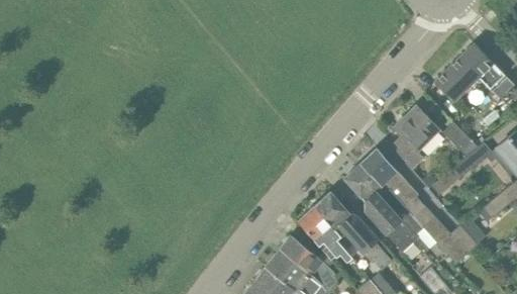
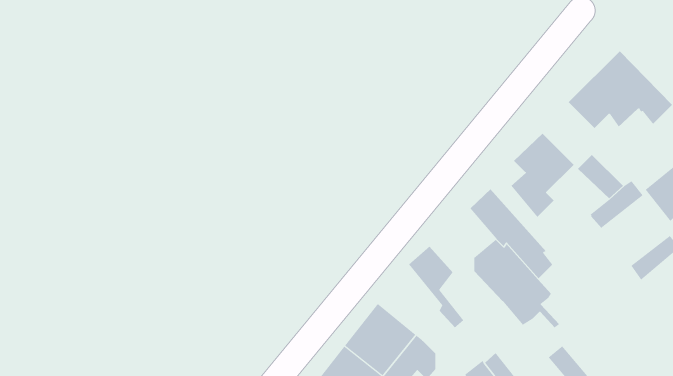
building: [344,163,381,200] -> none
building: [298,205,352,262] -> none
building: [338,211,392,270] -> none
building: [422,216,478,264] -> none

